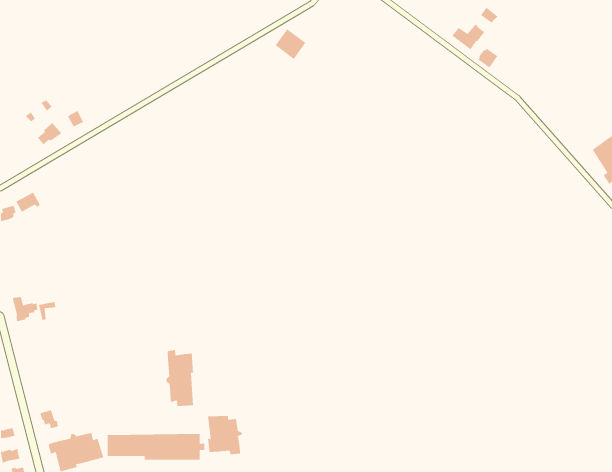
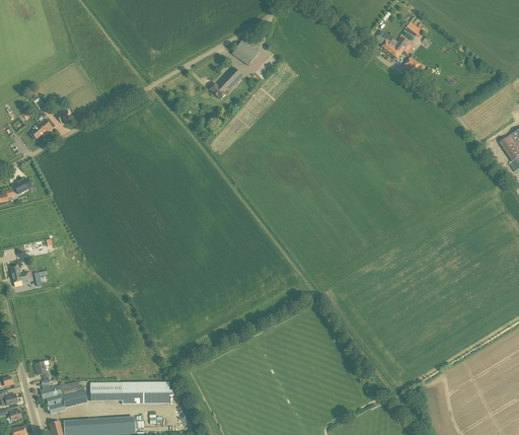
building: none -> [210,66,242,98]
building: [165,349,194,407] -> none
building: [207,415,243,455] -> none

